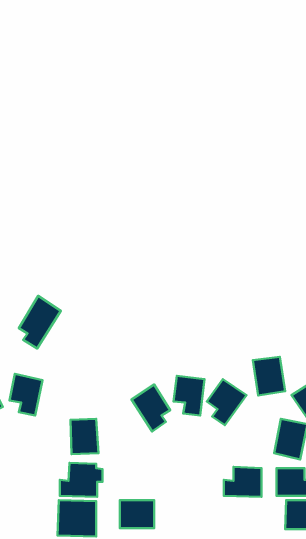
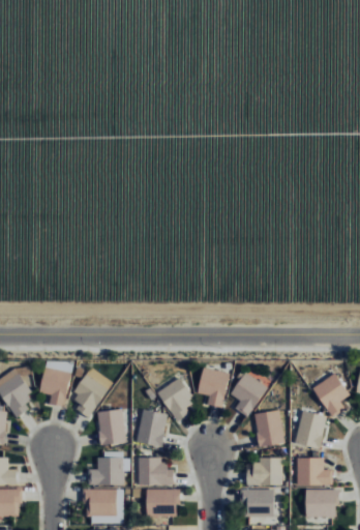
building: [19,296,61,349] -> [71,366,112,417]
building: [253,357,285,395] -> [253,410,284,447]
building: none -> [136,409,168,447]
building: none -> [138,458,174,485]
building: none -> [242,489,274,517]

